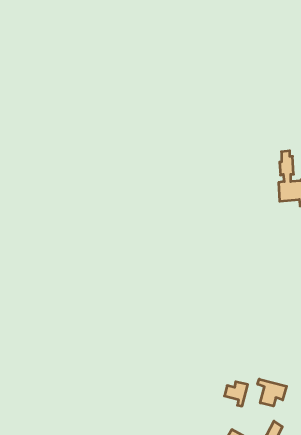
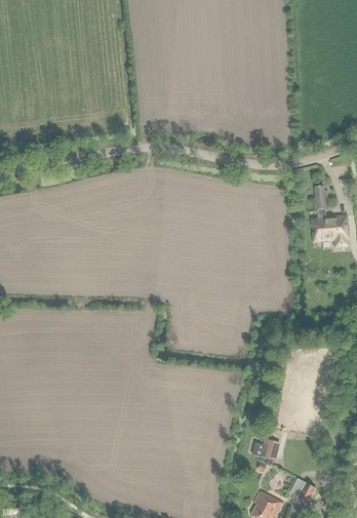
building: [258,379,287,406] -> none

